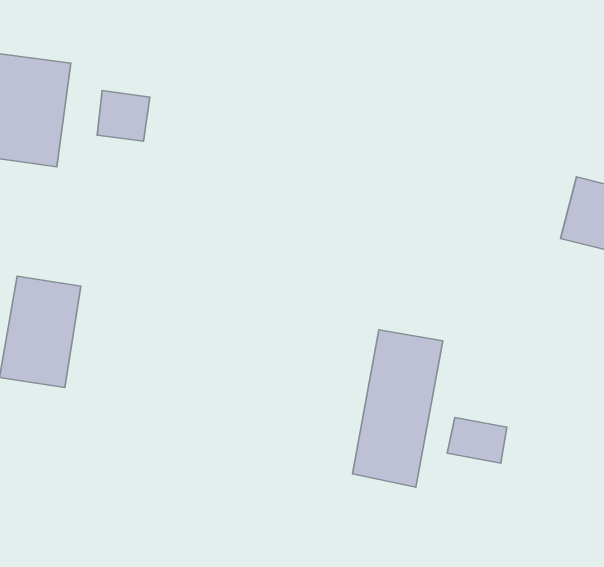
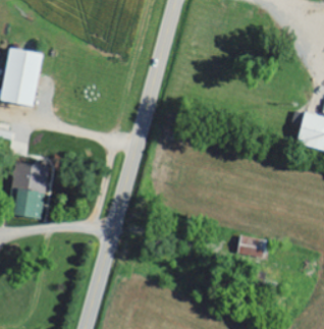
building: [97,91,150,141] -> none
building: [353,330,443,487] -> none

